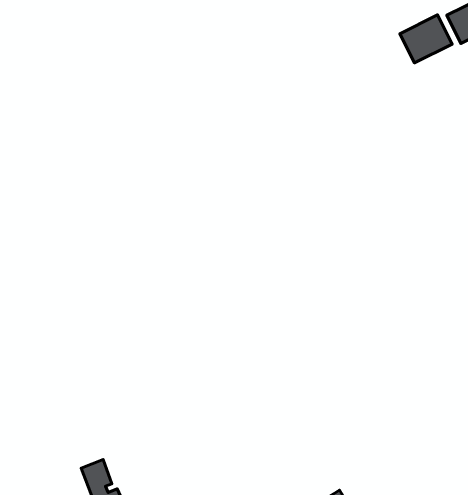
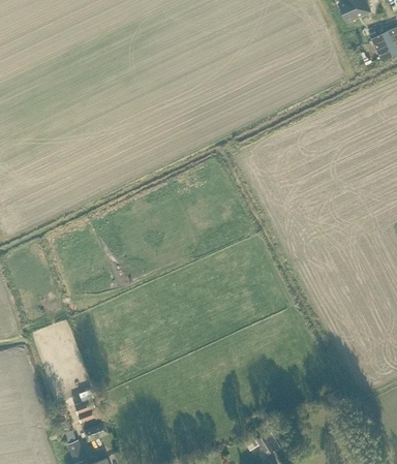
building: [400,15,452,63] -> none

